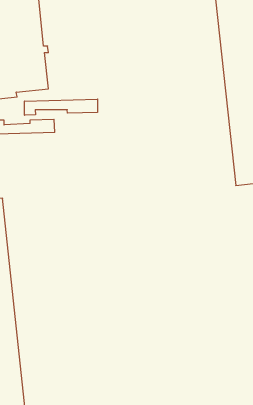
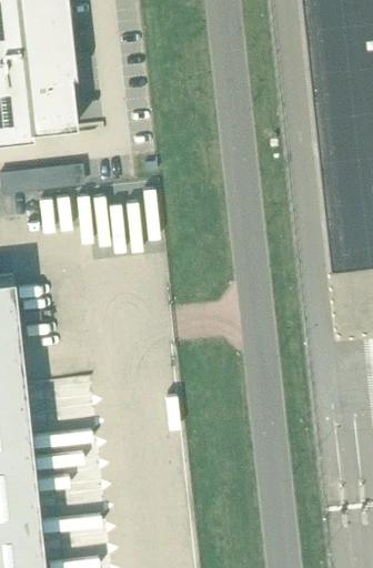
building: [25,99,98,115] -> none

